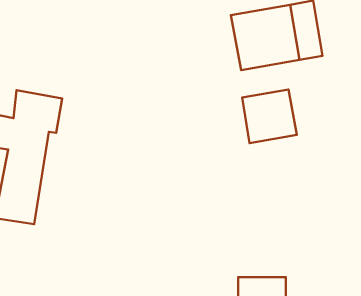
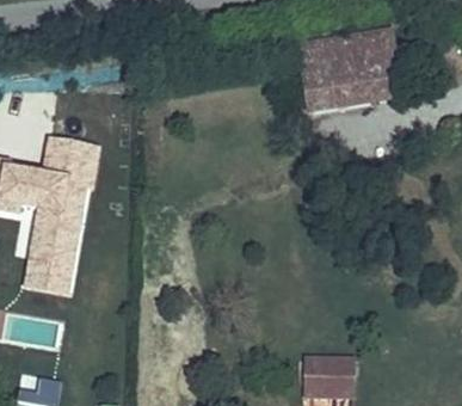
building: [242,89,297,143] -> none

